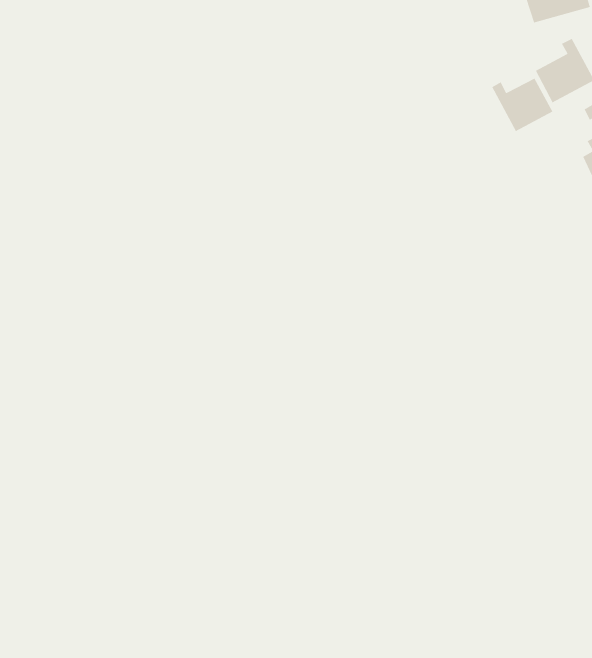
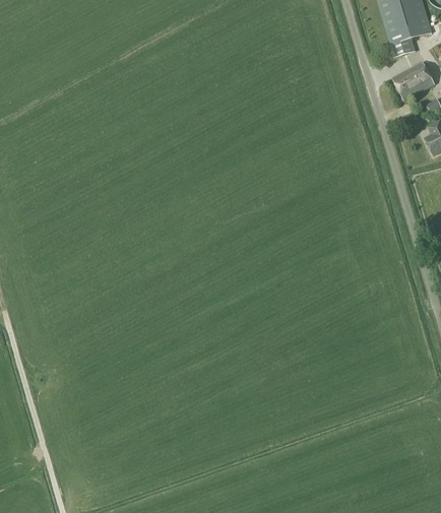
building: [491,77,553,132] -> none

